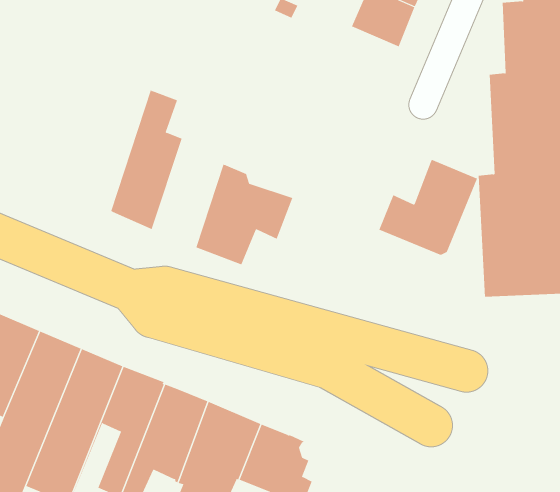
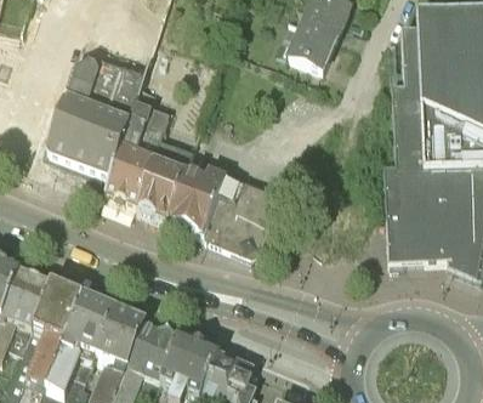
building: none -> [49,41,148,174]
building: none -> [136,134,193,216]
building: [378,159,478,255] -> [204,176,279,249]

